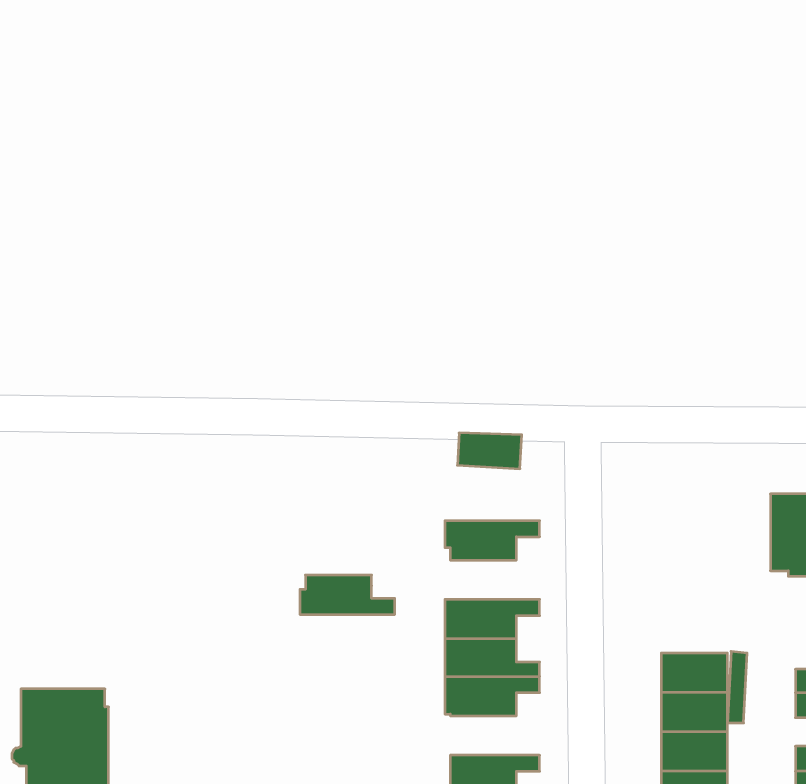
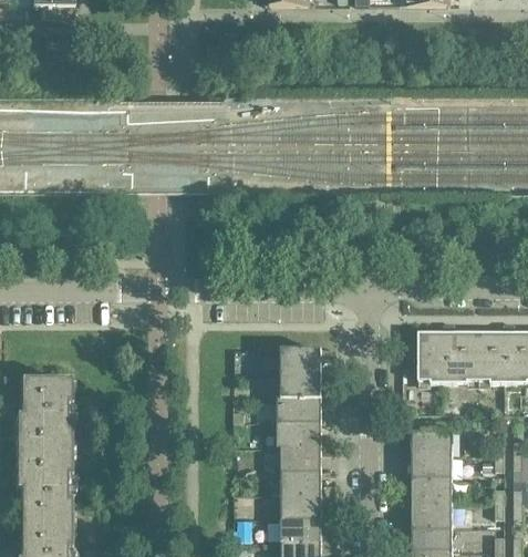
building: none -> [418,322,479,382]
building: none -> [10,379,70,452]
building: [300,575,395,614] -> [278,372,337,396]
building: none -> [281,468,337,493]

